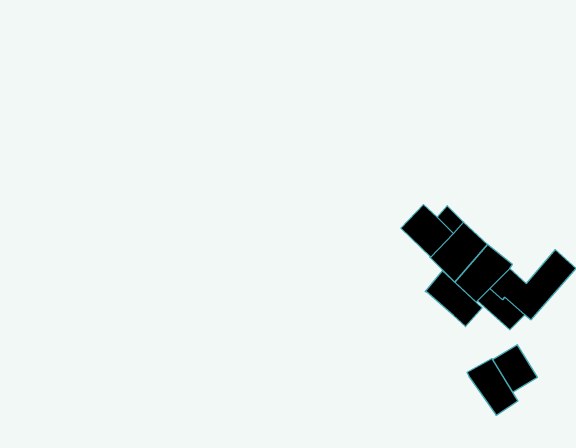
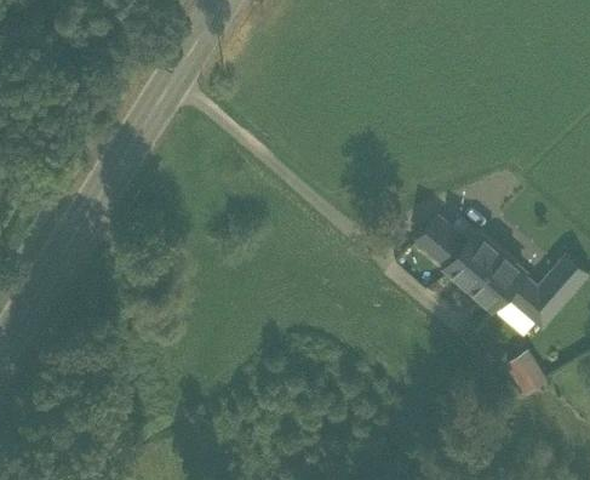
building: [425,271,482,327] -> none
building: [467,359,518,415] -> none

